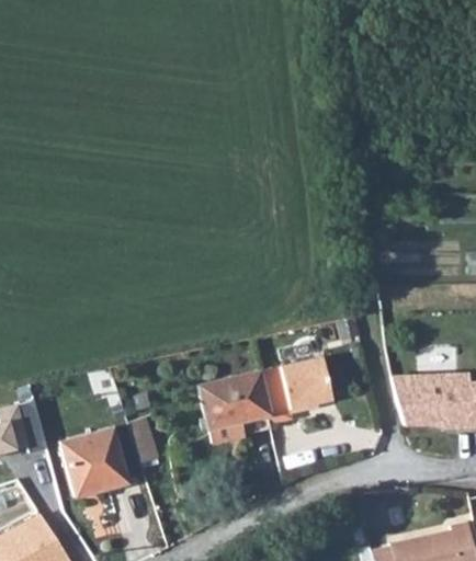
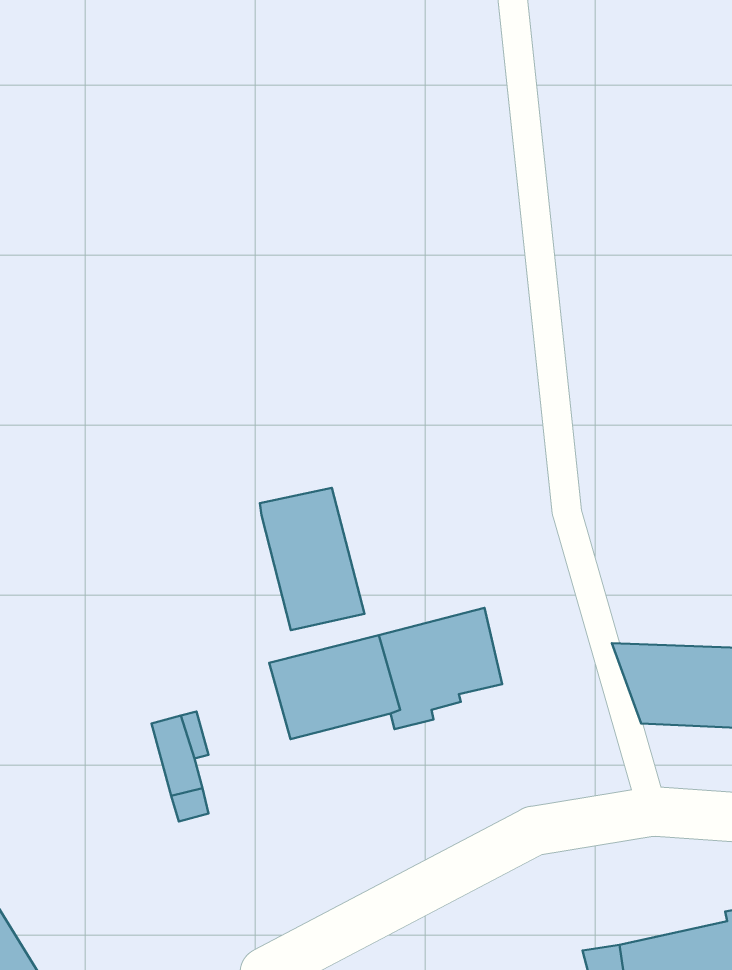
building: none -> [260,488,364,630]
building: [70,425,127,491] -> none

